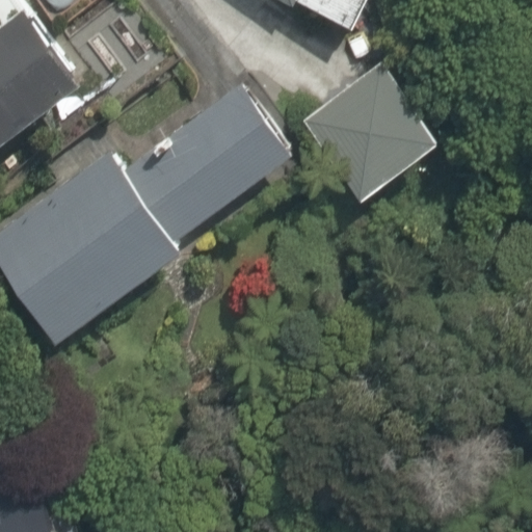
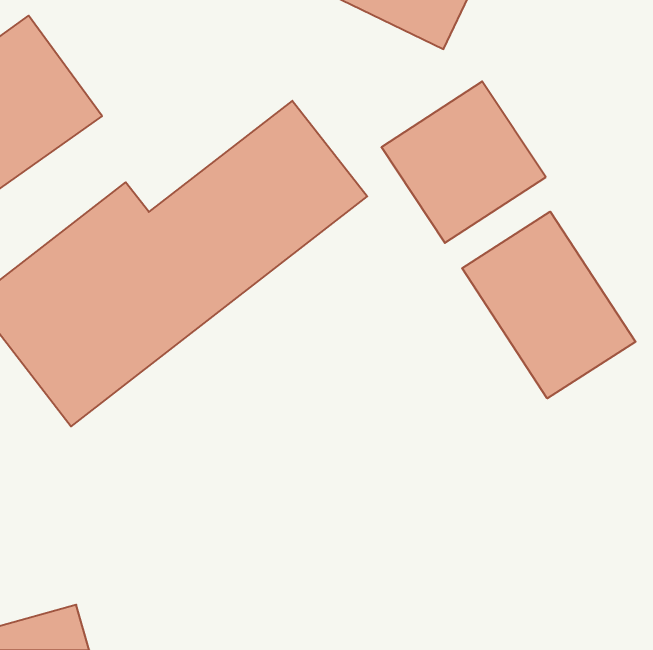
building: none -> [462,212,636,398]

